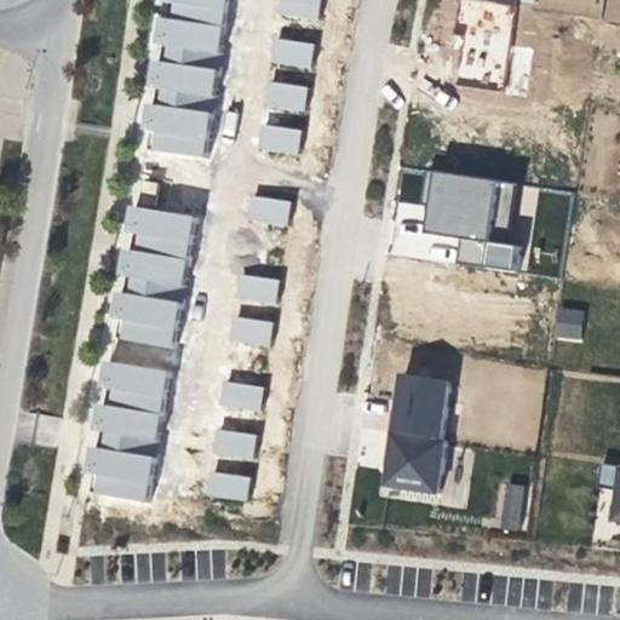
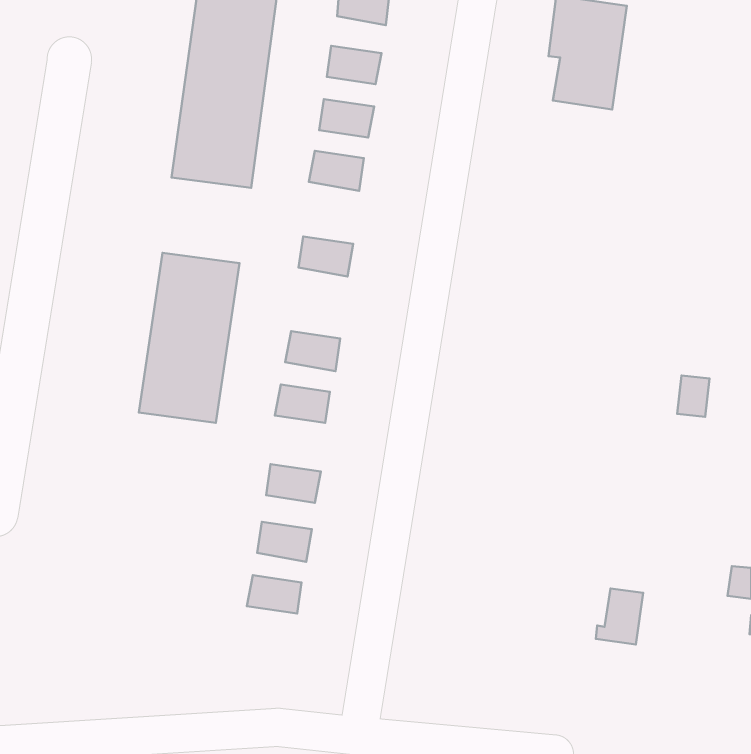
building: [420,171,521,272] -> none
building: [86,361,170,500] -> none
building: [385,369,455,495] -> none

